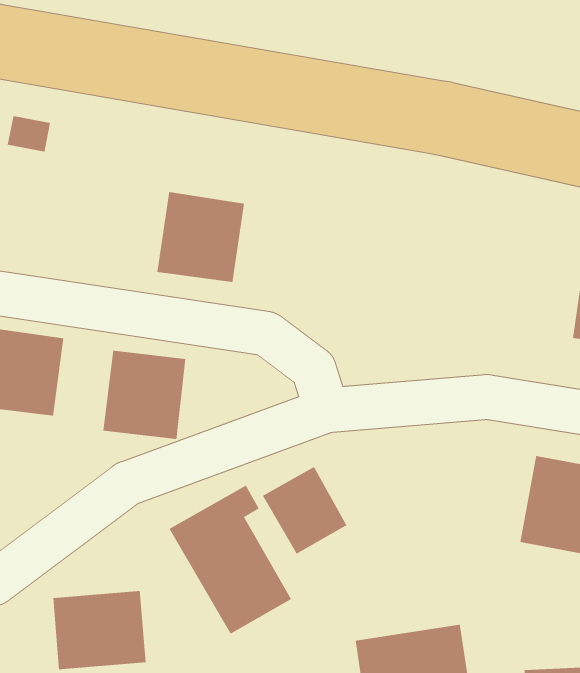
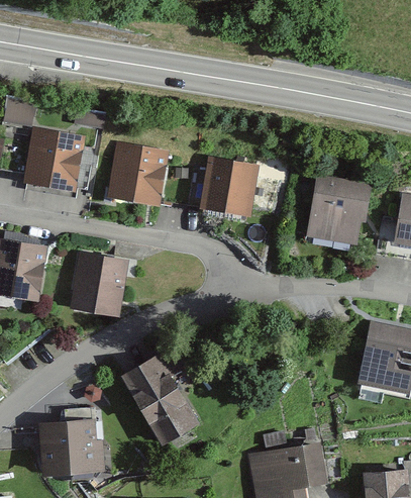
building: none -> [25,128,87,192]
building: none -> [200,158,260,215]
building: none -> [308,175,371,243]
building: [262,466,347,554] -> none

